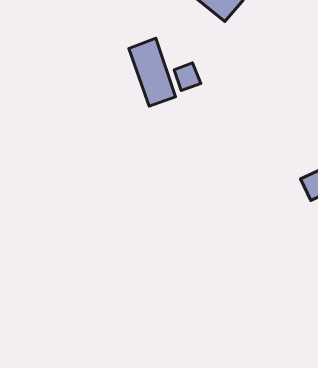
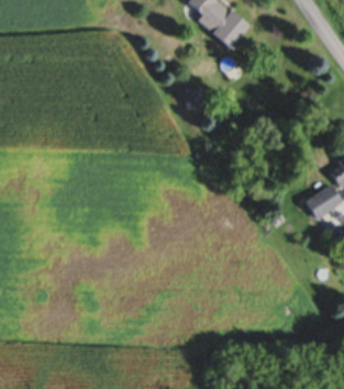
building: [129,38,176,106] -> none

